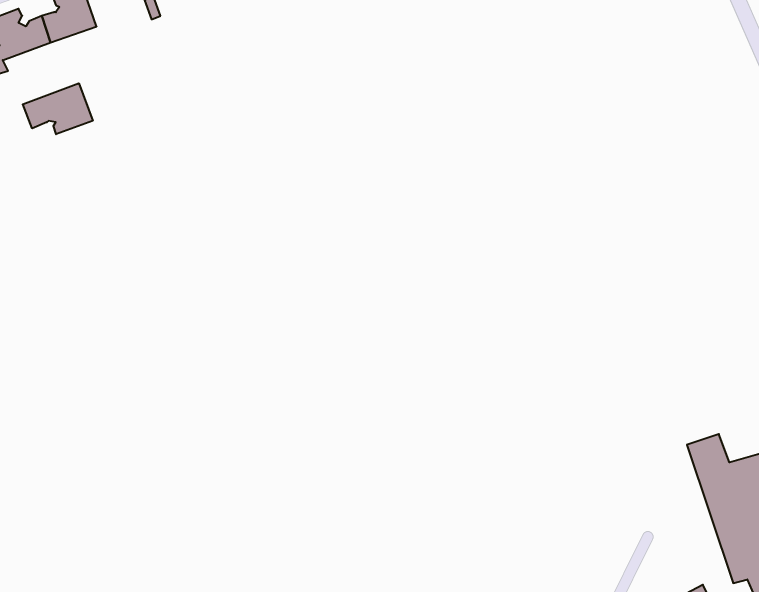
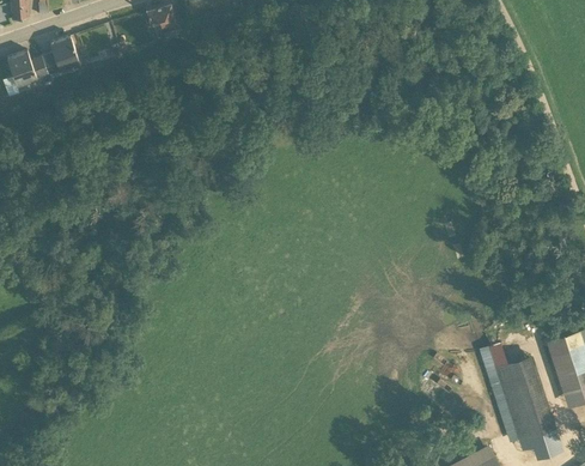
building: [23,83,93,134] -> none

